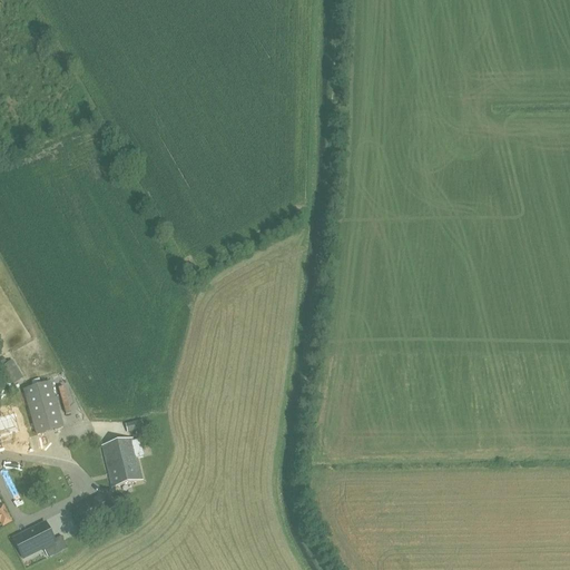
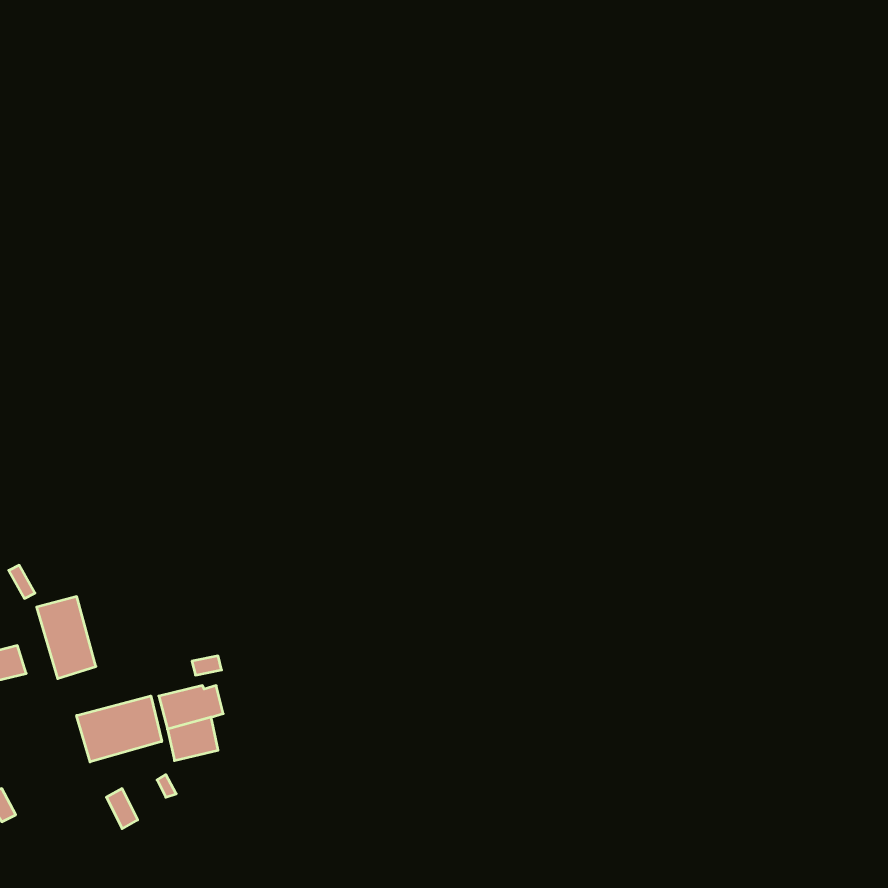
building: none -> [77,696,162,762]
building: [16,521,53,556] -> none

